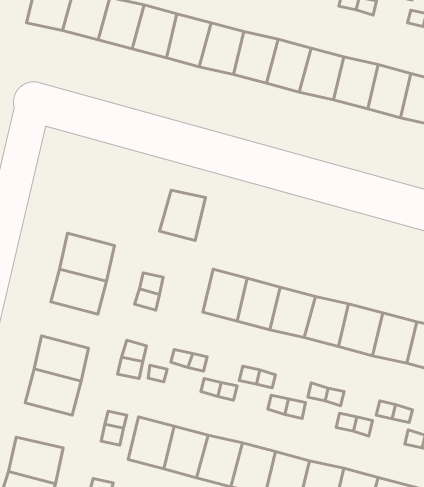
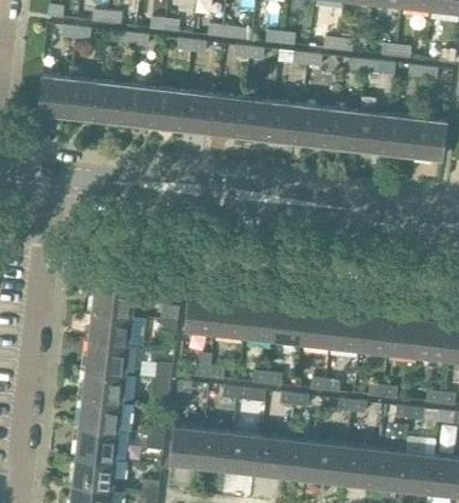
building: [160,190,206,240] -> [184,296,218,335]
building: none -> [85,343,128,377]
building: none -> [75,429,119,462]

